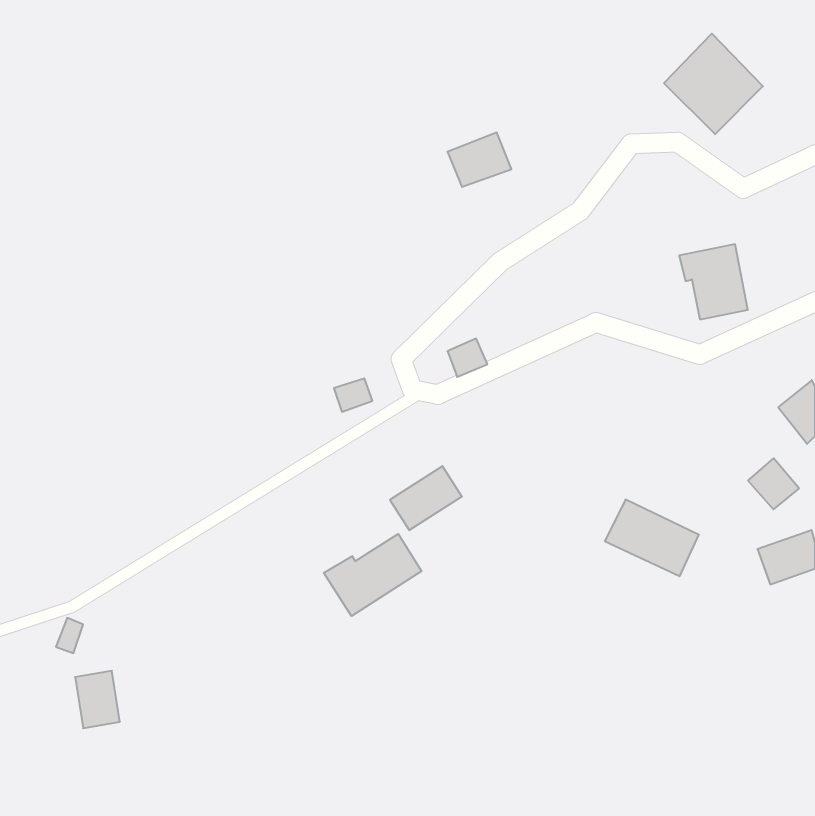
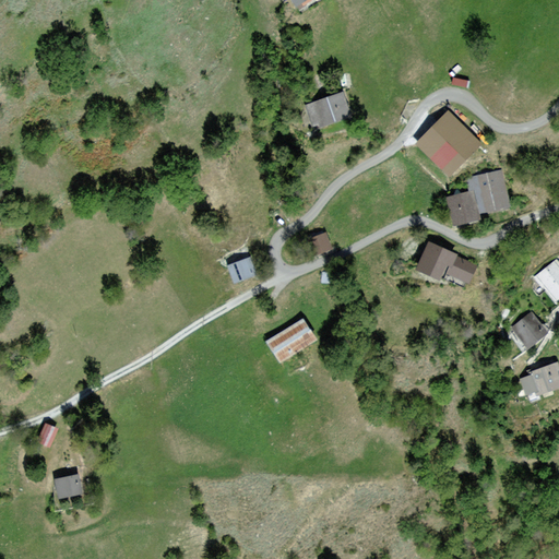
building: [664,34,763,134] -> [416,109,484,178]
building: none -> [444,191,478,225]
building: [605,500,699,576] -> [414,239,478,292]
building: [324,534,422,616] -> none

